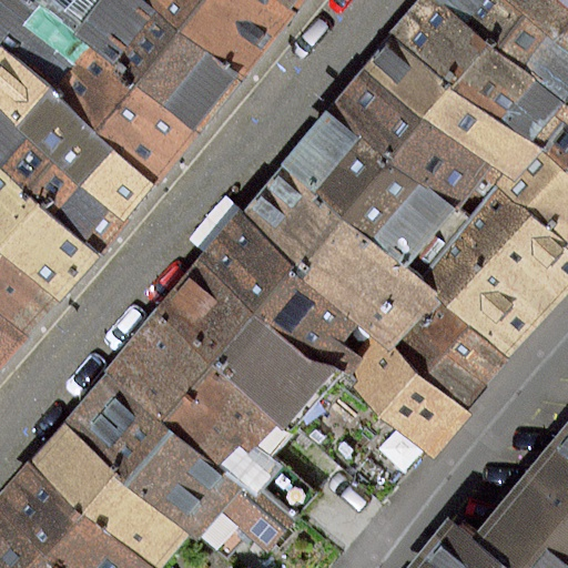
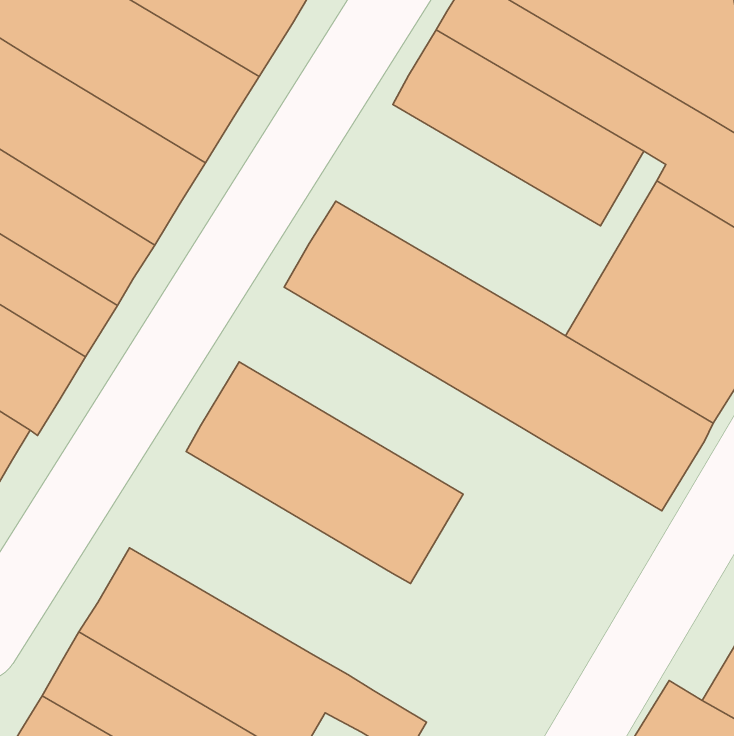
building: [278,110,466,282] -> none
building: [197,221,467,455] -> none
building: [105,321,314,526] -> none

